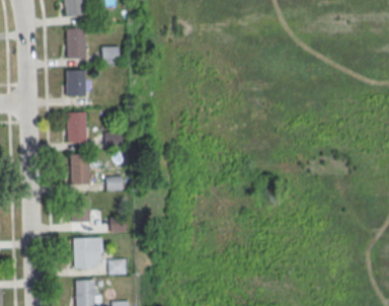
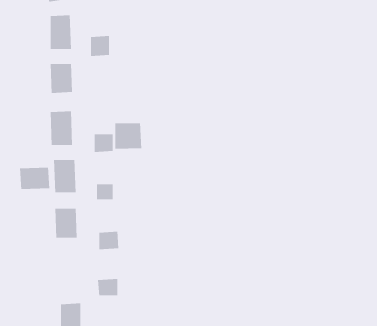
building: none -> [115,123,142,150]
building: none -> [19,167,50,190]
building: [73,238,102,270] -> none

